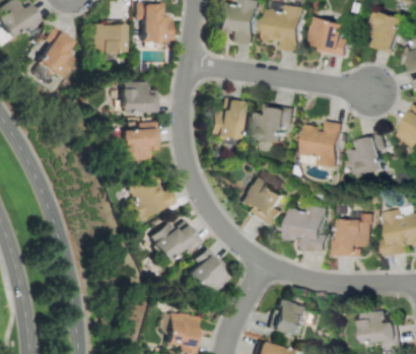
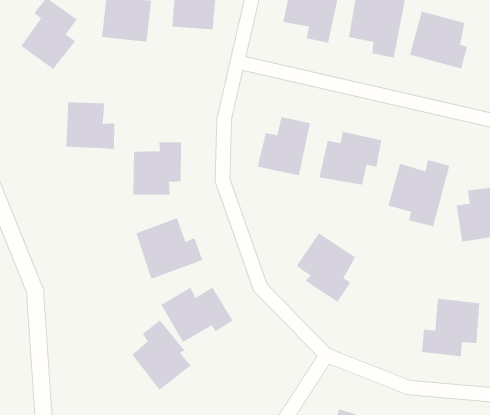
building: [119,81,154,114] -> [65,102,115,149]
building: [284,205,326,253] -> none
building: [186,249,228,298] -> [131,319,192,391]

